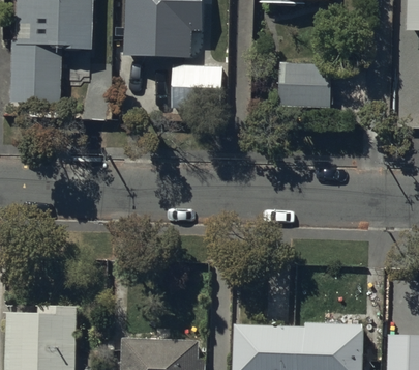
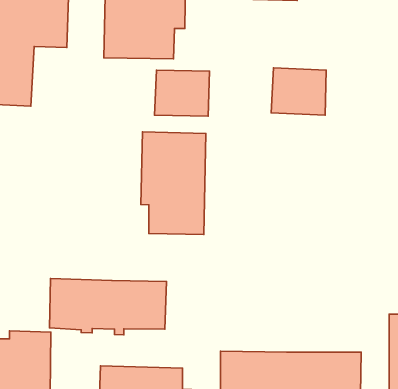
building: none -> [141,132,206,235]
building: none -> [50,278,166,335]

